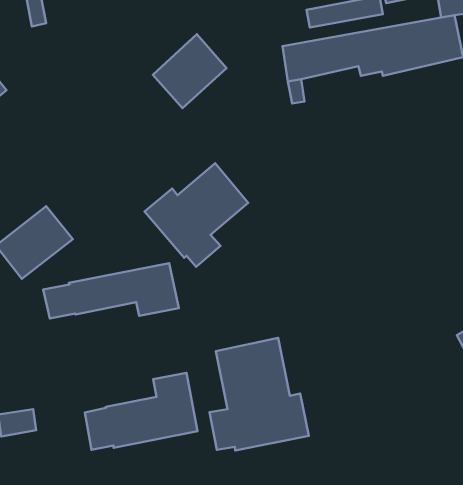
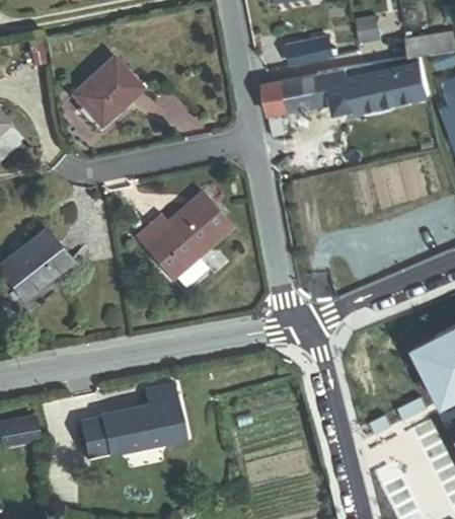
building: [153,34,227,108] -> [73,58,141,126]
building: [43,263,179,318] -> none
building: [209,338,309,450] -> none

